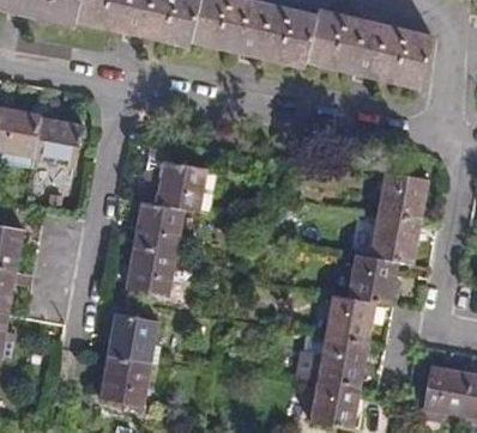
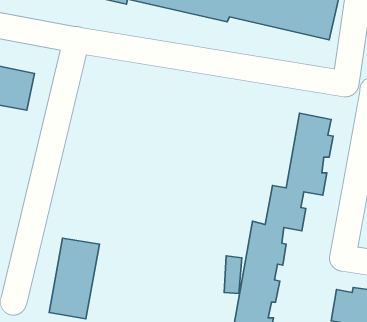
building: [127,146,206,292] -> none

